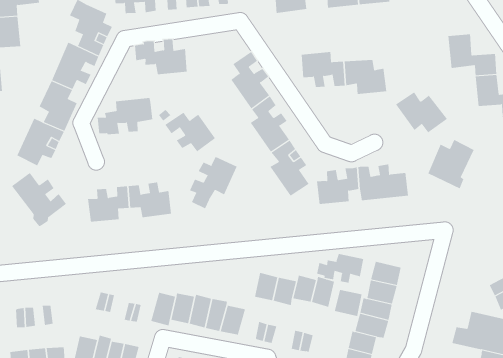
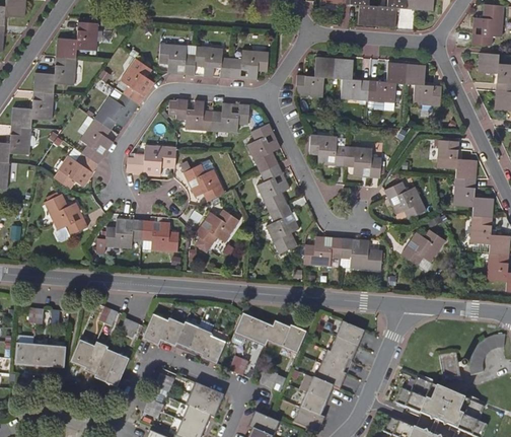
building: none -> [211,102,248,133]
building: [316,253,364,284] -> none
building: [334,289,362,317] -> none

